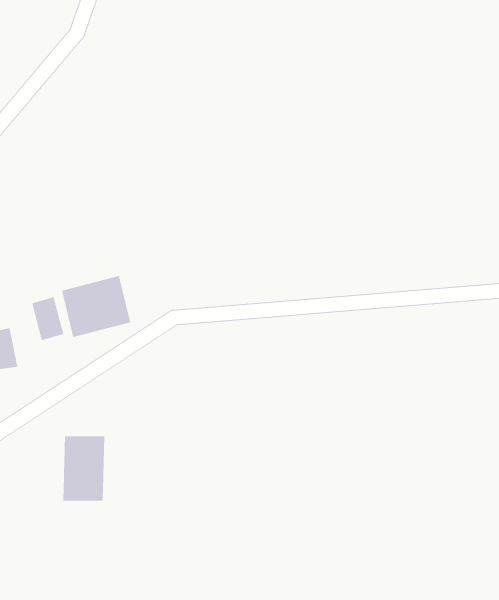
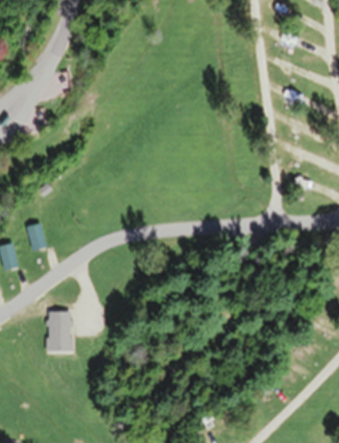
building: [61,275,131,338] -> none

